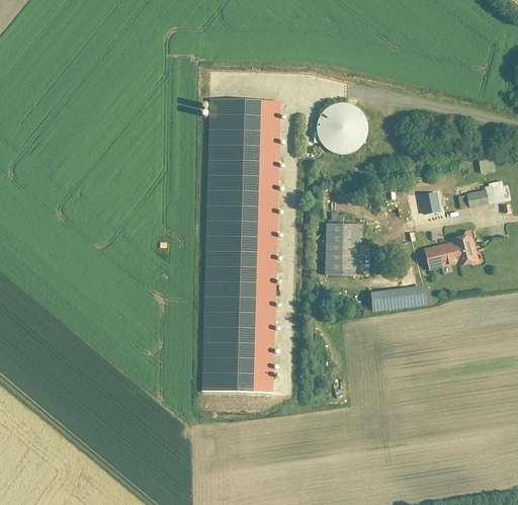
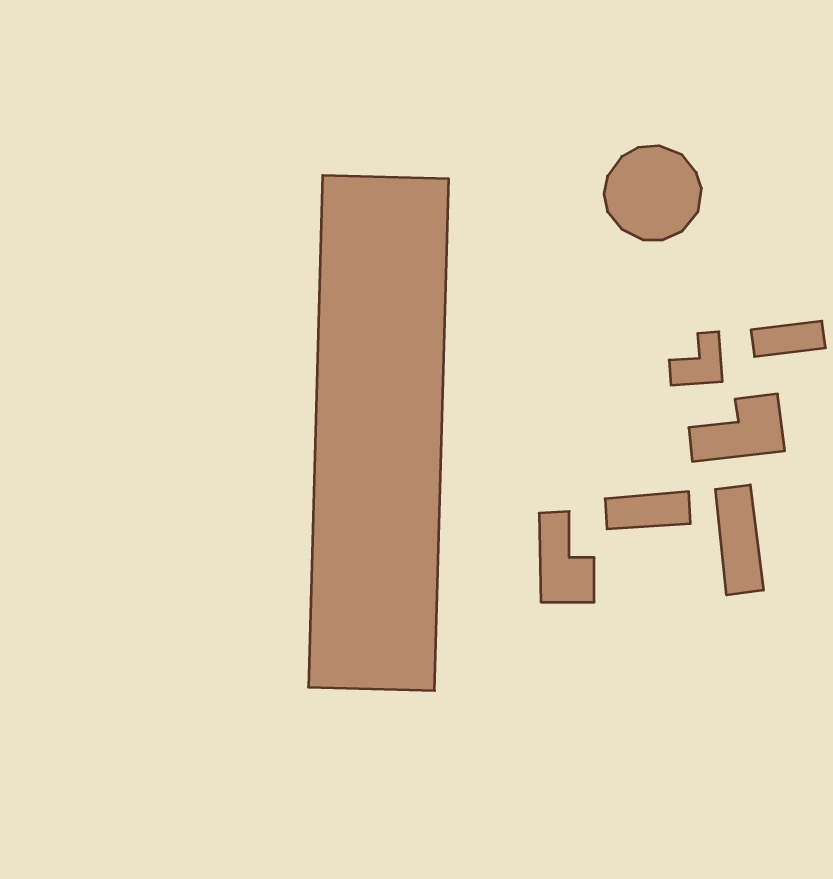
building: [310,108,365,162] -> [604,146,702,240]
building: [328,219,359,270] -> [539,511,594,602]
building: none -> [715,485,763,595]

